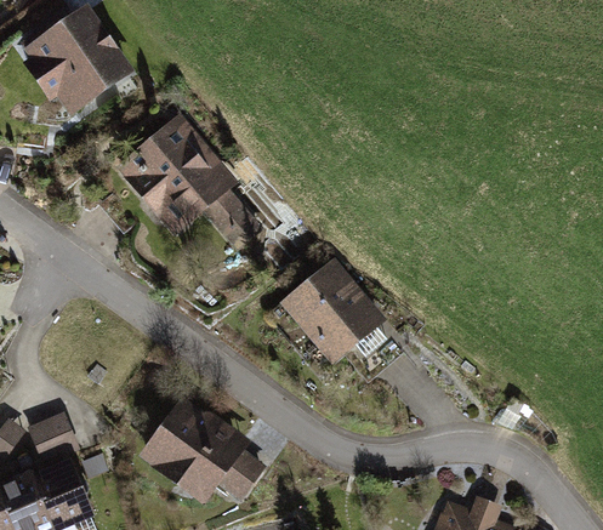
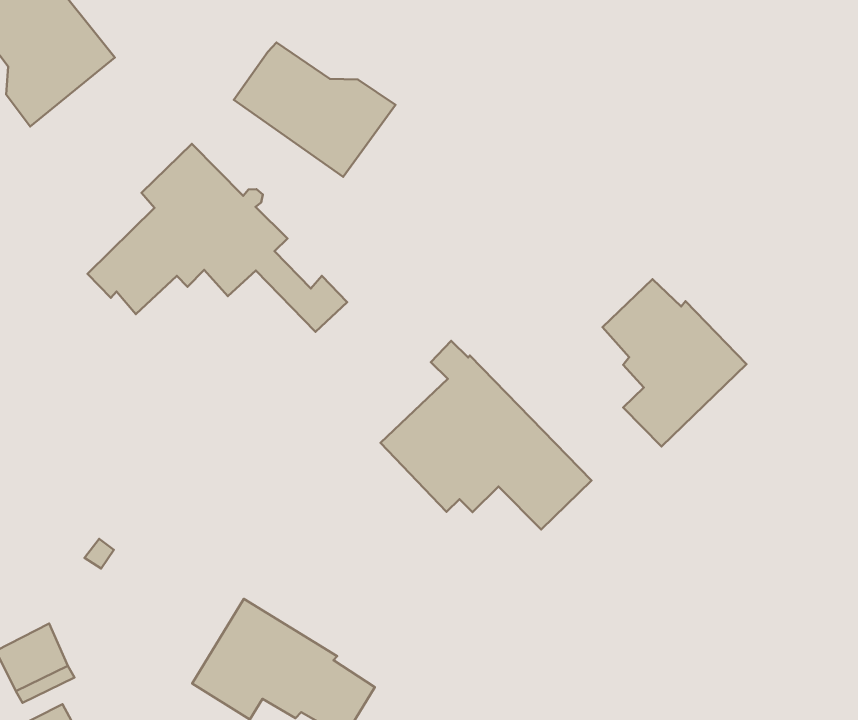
building: none -> [234,42,396,177]
building: none -> [603,279,746,447]

